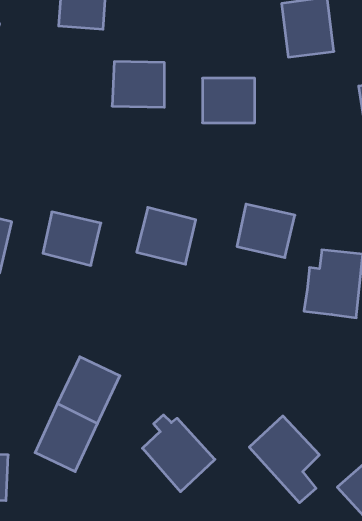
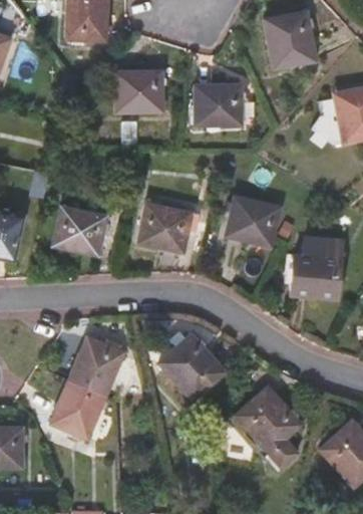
building: [142,415,215,492] -> [159,332,225,402]

